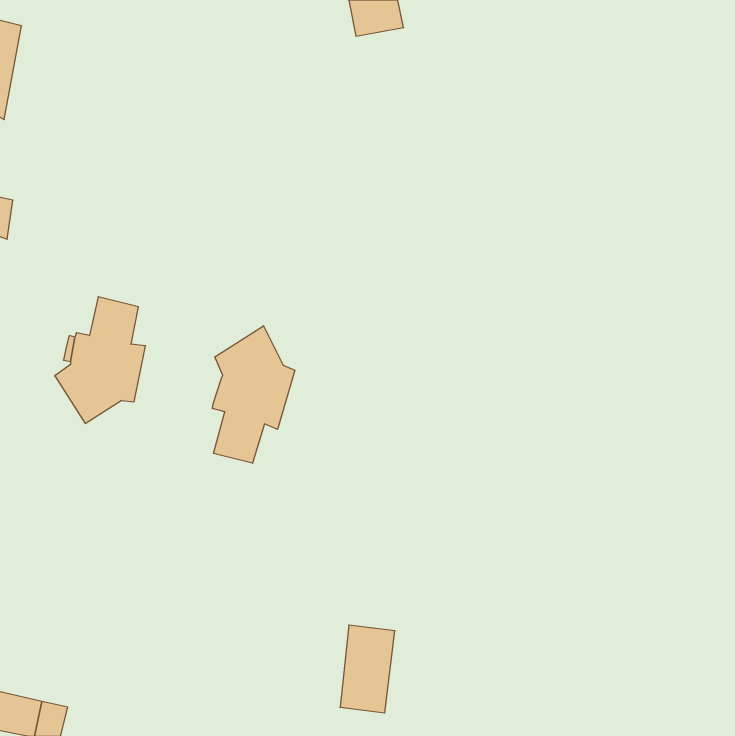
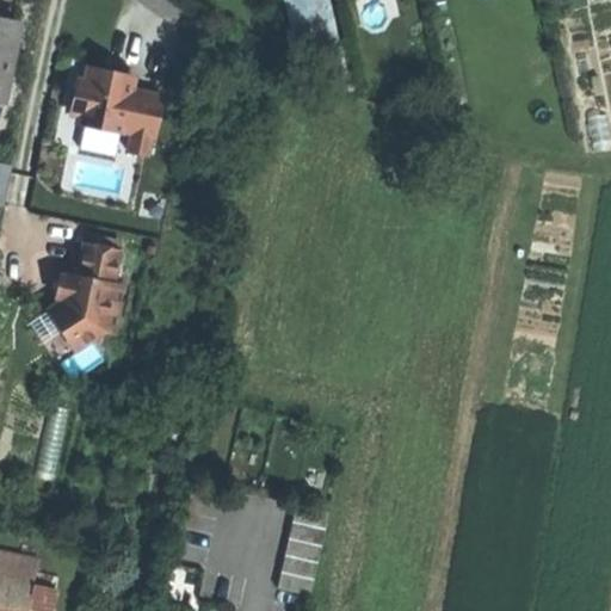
building: none -> [69,67,161,156]
building: [212,326,295,463] -> none

